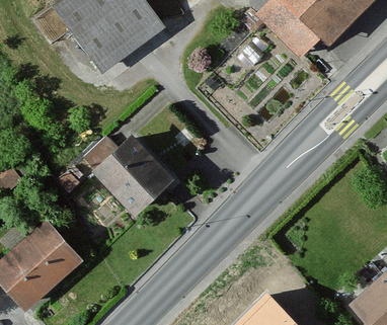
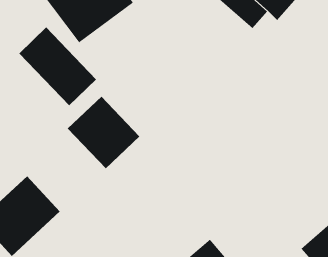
building: none -> [18,27,97,106]

